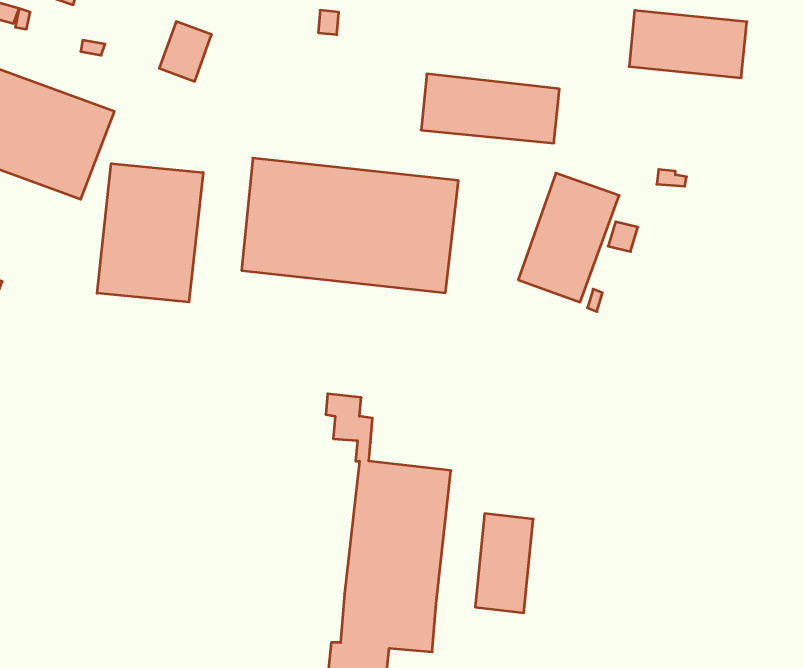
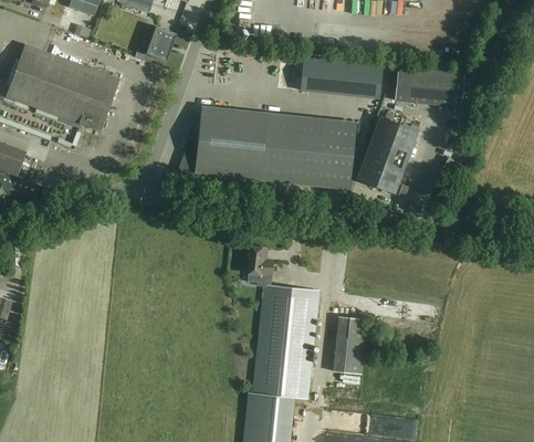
building: [629,10,747,78] -> [395,66,464,106]
building: [97,164,203,302] -> none
building: none -> [315,119,354,188]

